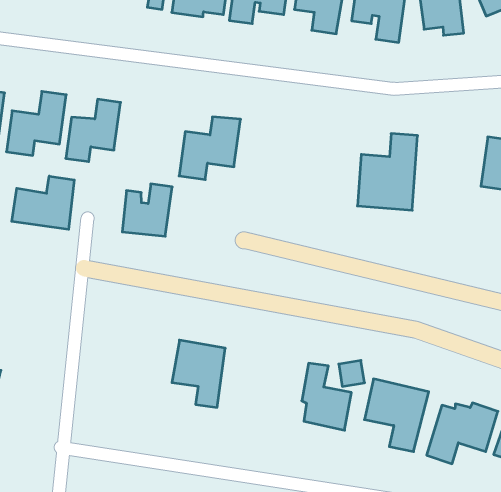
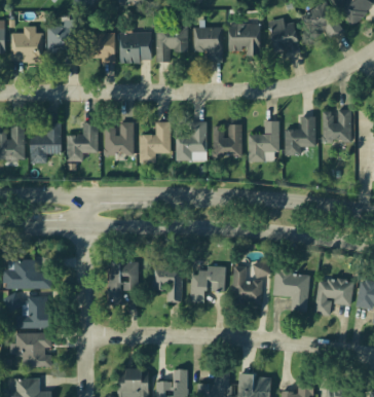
building: none -> [178,123,207,164]
building: none -> [290,112,319,154]
building: none -> [215,129,241,159]
building: [12,176,74,229] -> none
building: [122,184,172,236] -> [106,122,134,154]
building: none -> [107,261,139,304]
building: none -> [190,265,226,302]

